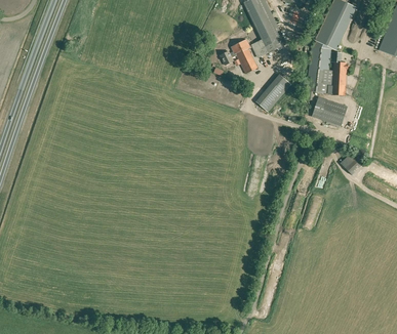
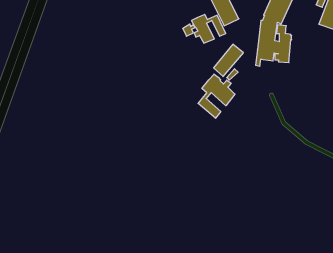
building: [312,96,348,125] -> none
building: none -> [198,74,235,118]

